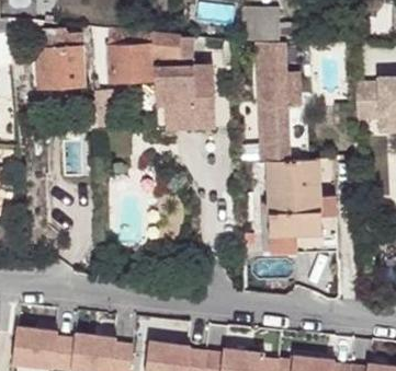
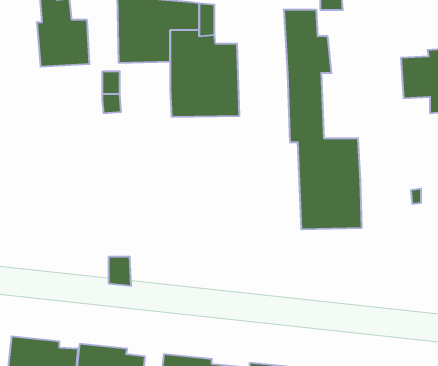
building: [269,189,337,251] -> none

